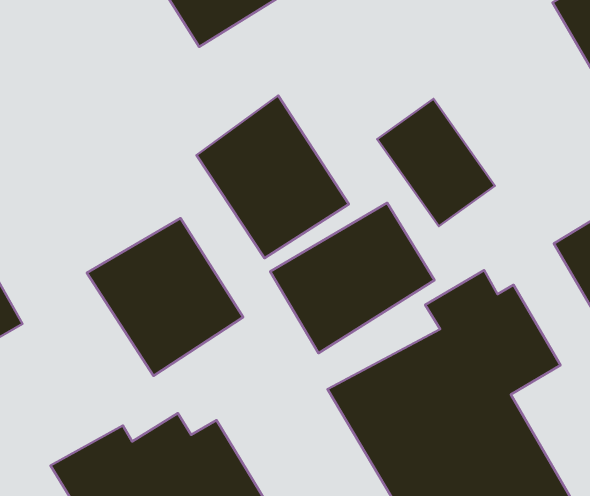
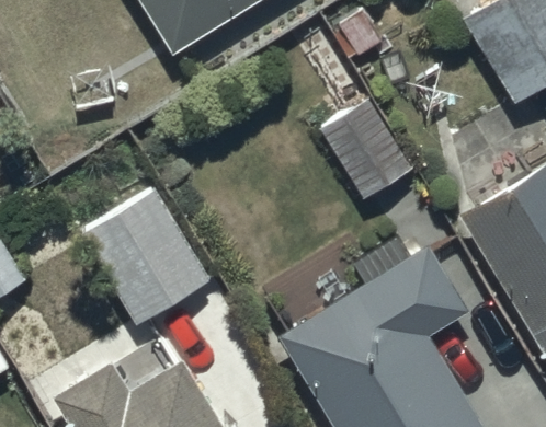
building: [196,96,349,258] -> none
building: [270,203,435,353] -> none

